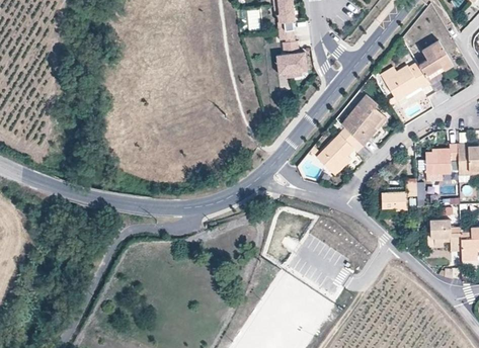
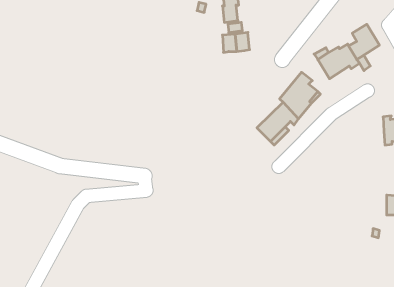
building: [426,144,458,174] -> none
building: [382,178,416,210] -> none
building: [430,219,461,251] -> none

